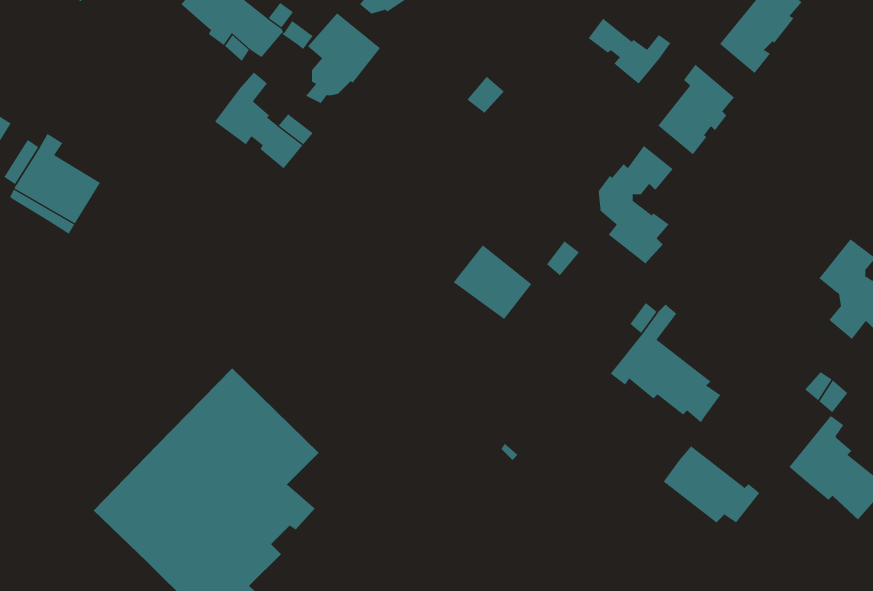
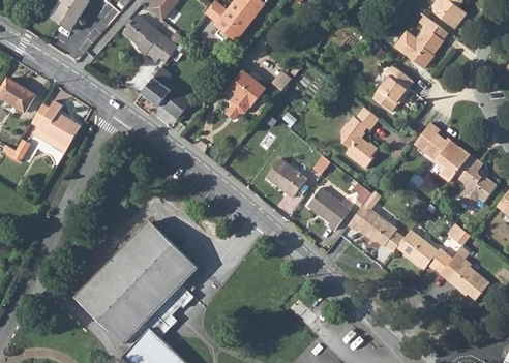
building: [305,12,381,104] -> [226,70,265,118]
building: [588,18,671,85] -> none
building: none -> [413,122,471,182]
building: none -> [305,188,349,231]
building: [663,446,760,523] -> [395,230,446,270]

